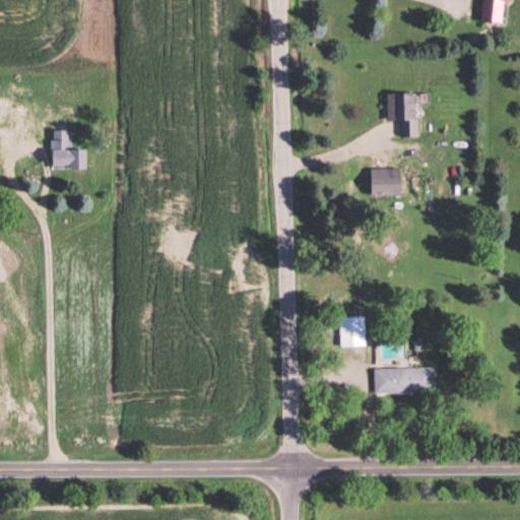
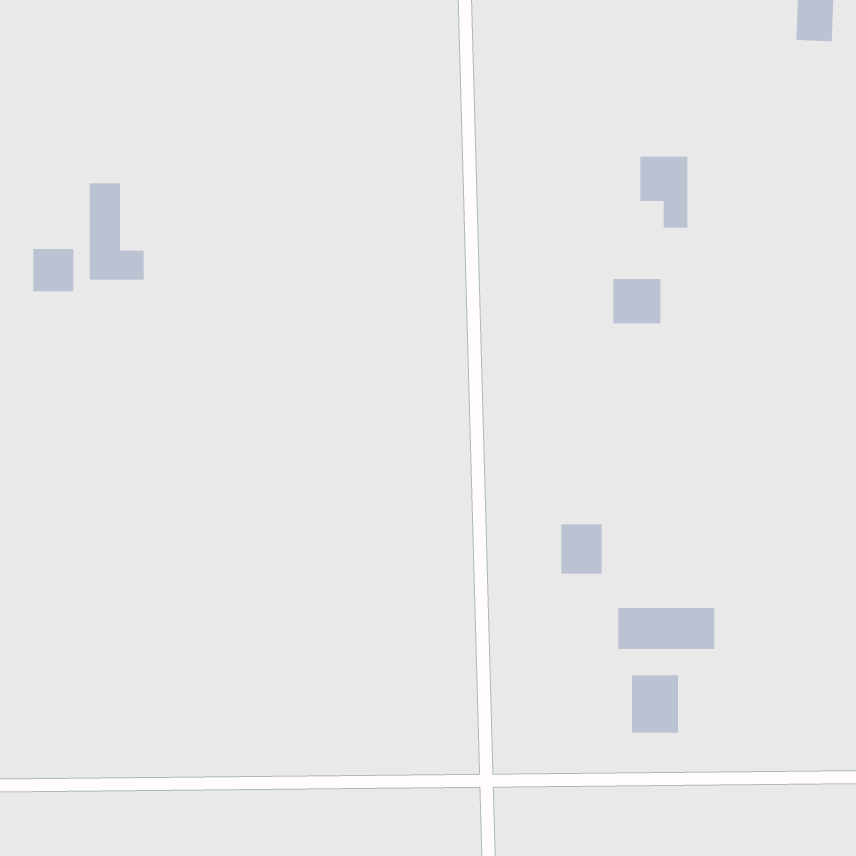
building: none -> [33,248,74,292]
building: none -> [632,675,679,733]

